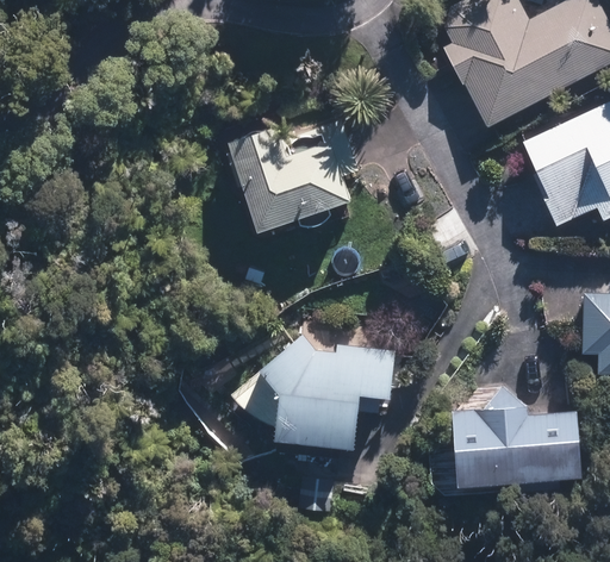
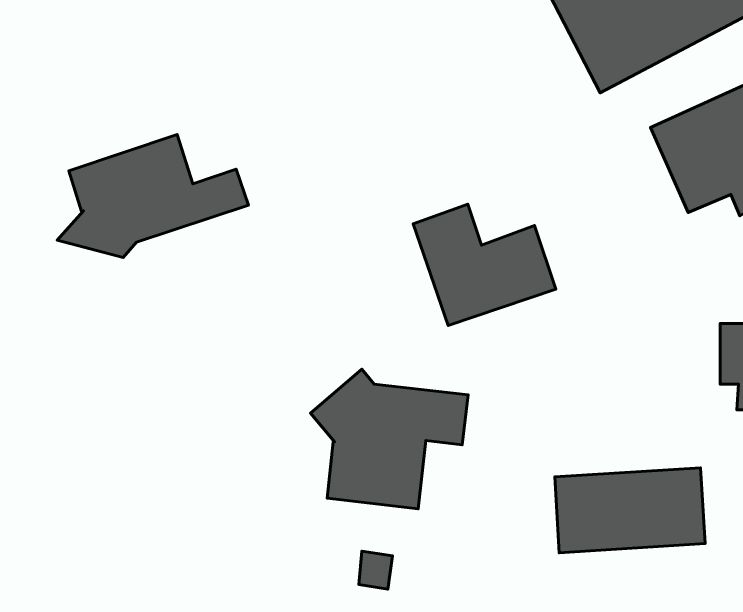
building: [232,135,344,230] -> [413,204,556,326]
building: none -> [57,134,248,258]

